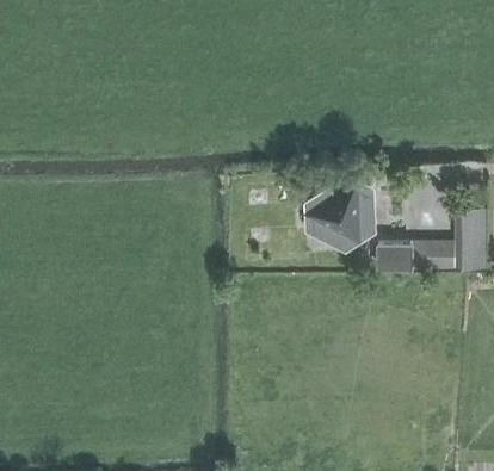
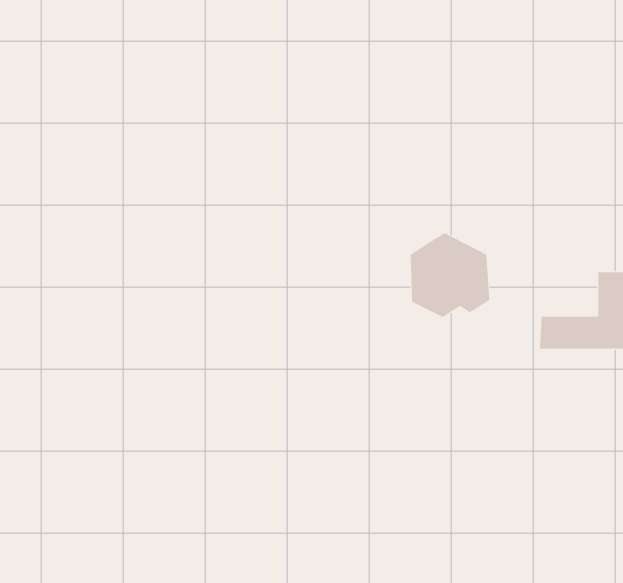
building: [376,243,410,268] -> none

